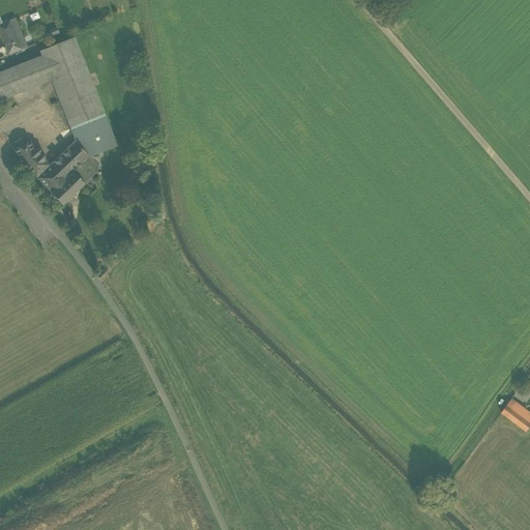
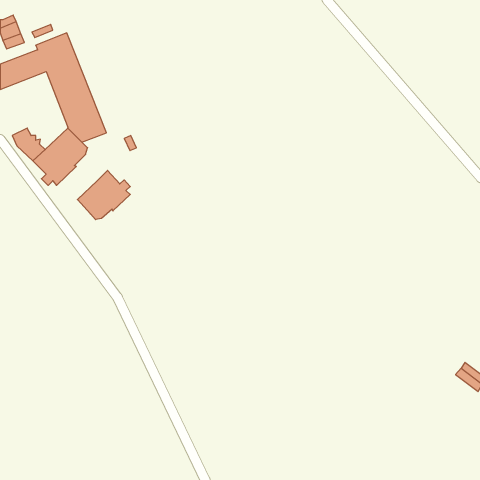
building: none -> [77,170,130,220]

